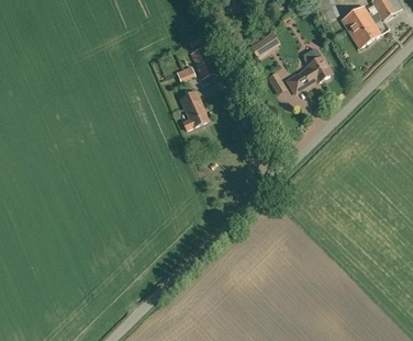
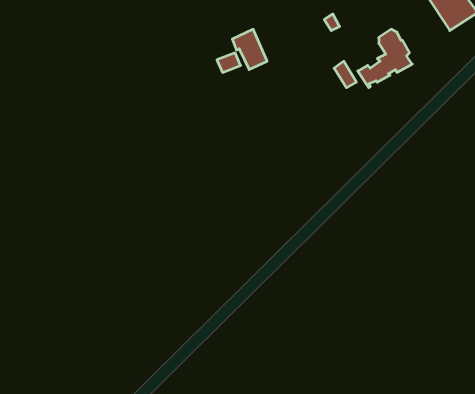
building: [180,91,209,130] -> none

